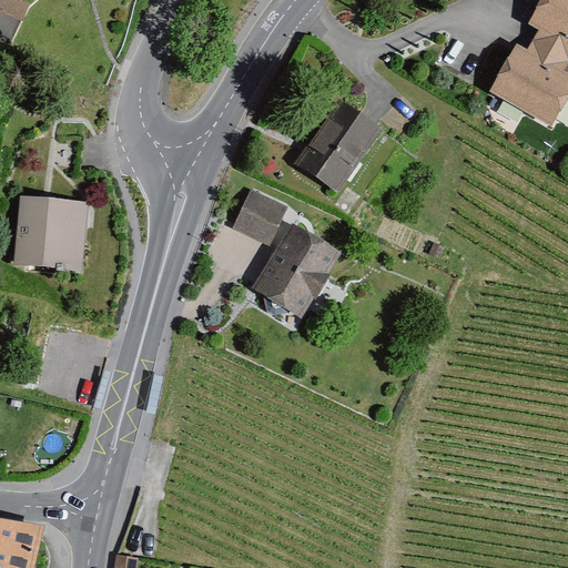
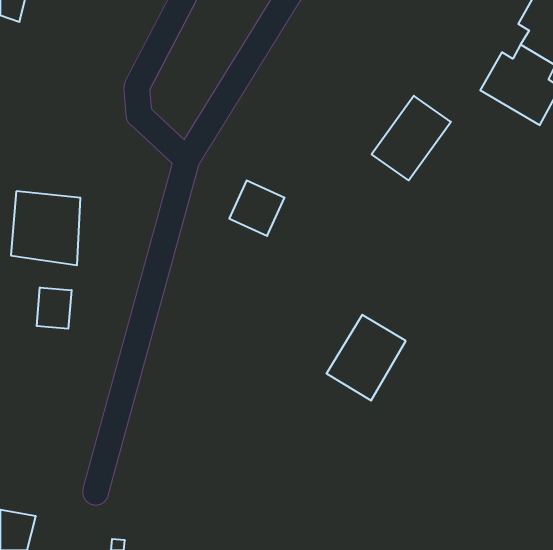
building: [293,108,374,194] -> [372,96,451,180]
building: [252,231,333,318] -> [326,315,406,401]
building: none -> [37,287,72,329]

